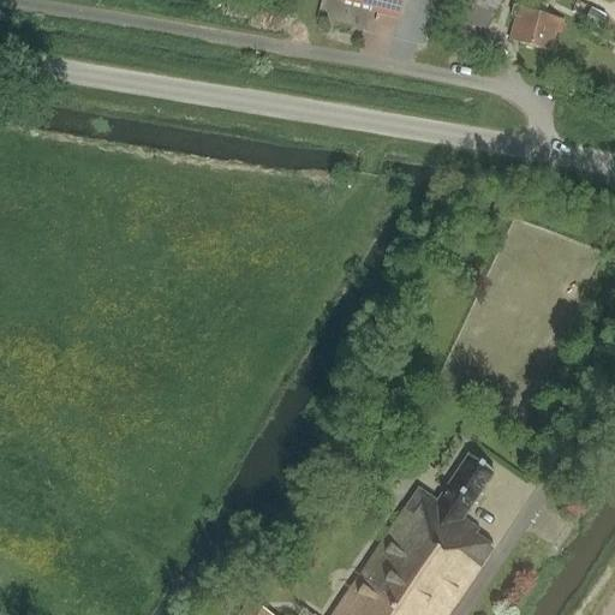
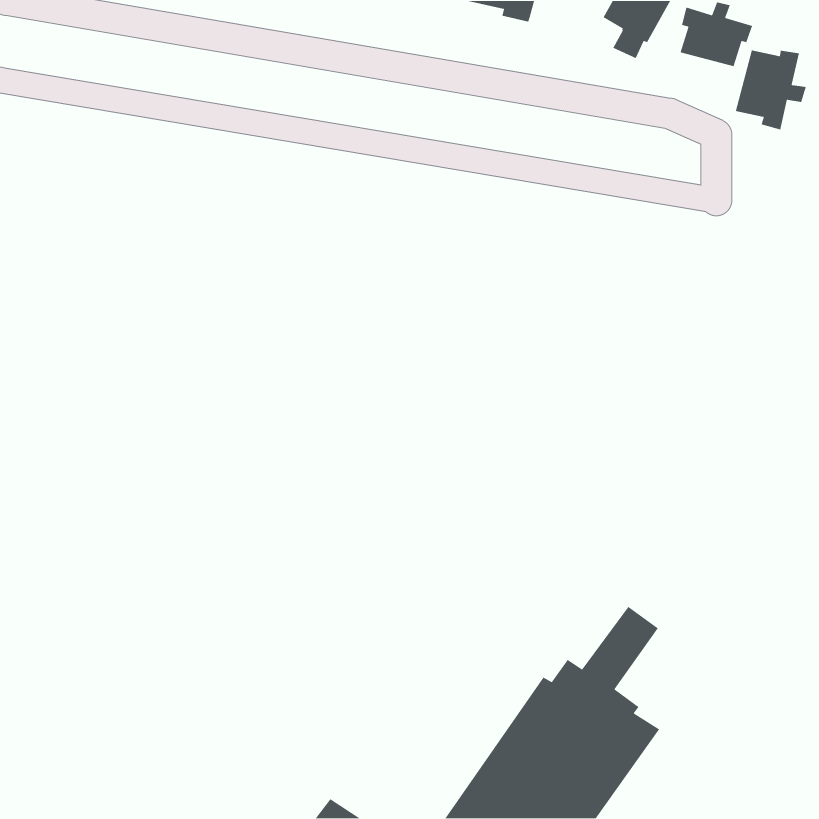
building: none -> [735,49,807,130]

